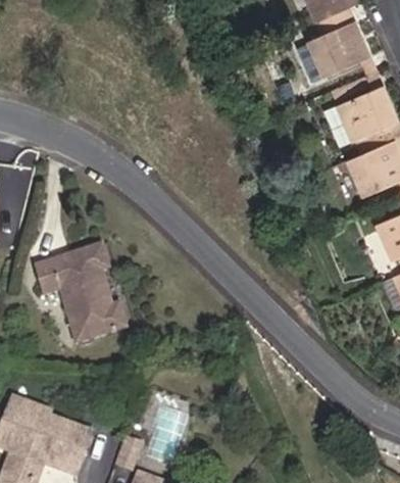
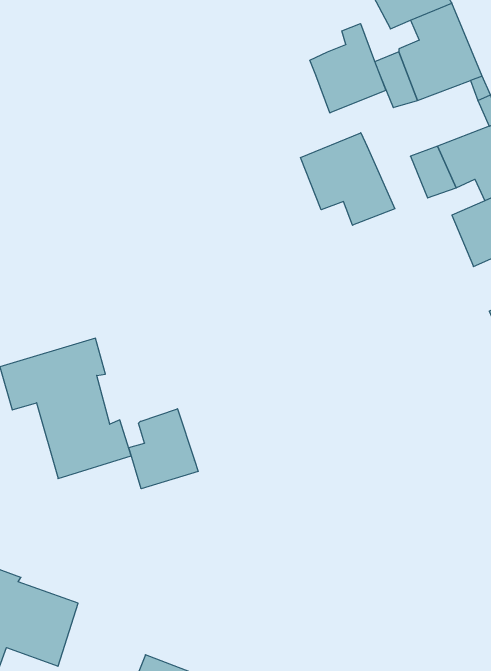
building: none -> [310,24,386,113]
building: none -> [300,133,395,225]
building: none -> [129,409,198,489]

